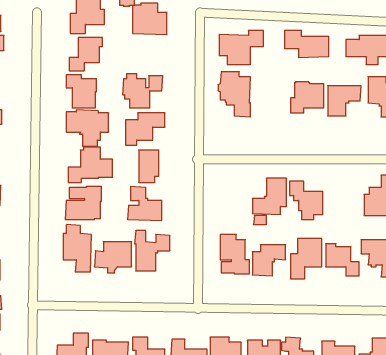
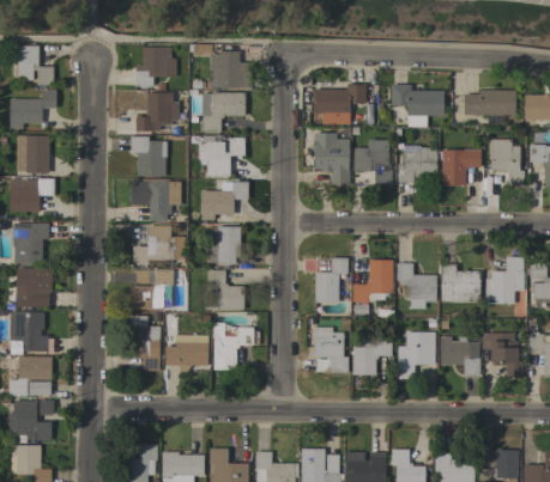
building: none -> [203,92,246,133]
building: none -> [353,140,392,185]
building: none -> [315,257,347,303]
building: none -> [441,264,481,301]

